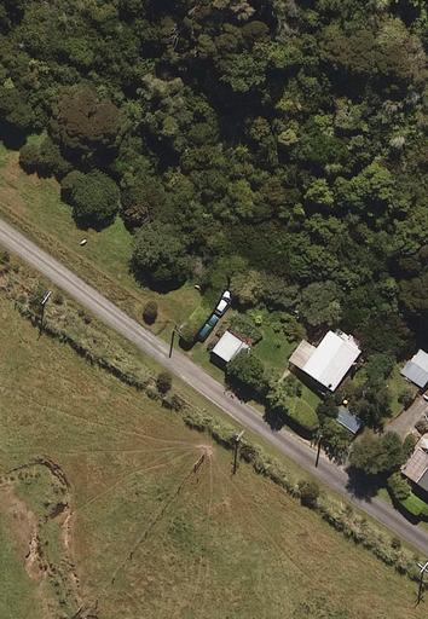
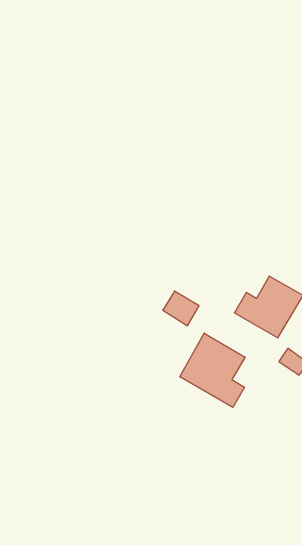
building: none -> [180,333,245,407]

